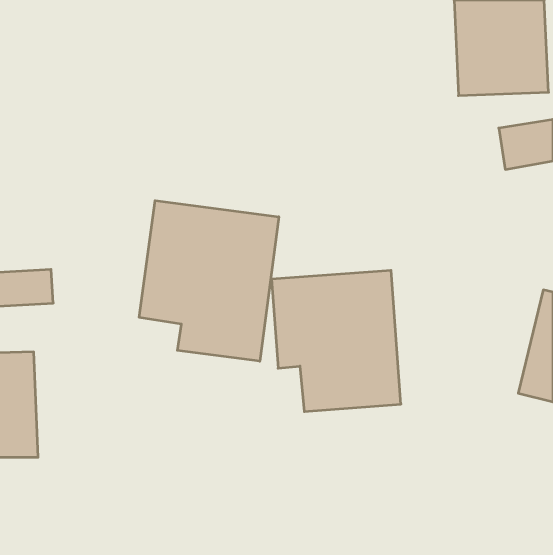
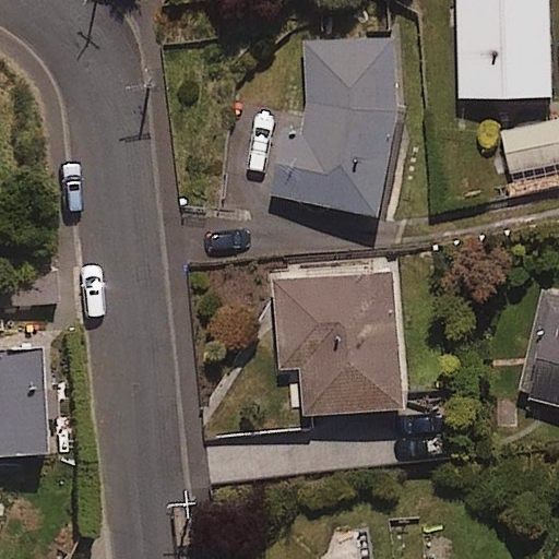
building: none -> [273,35,402,211]
building: [139,201,279,361] -> none

